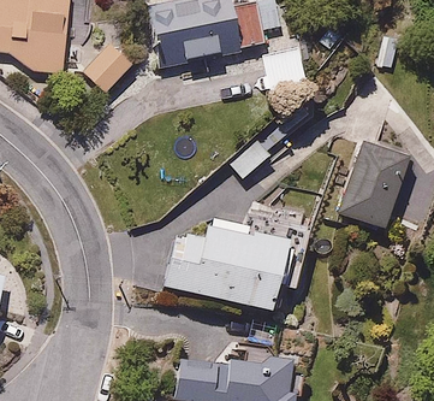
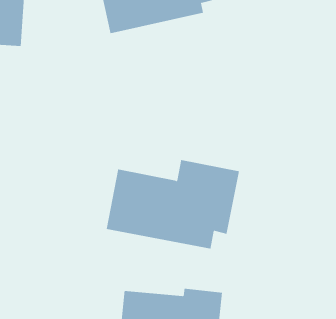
building: [85,43,135,94] -> none
building: [341,137,414,229] -> none

